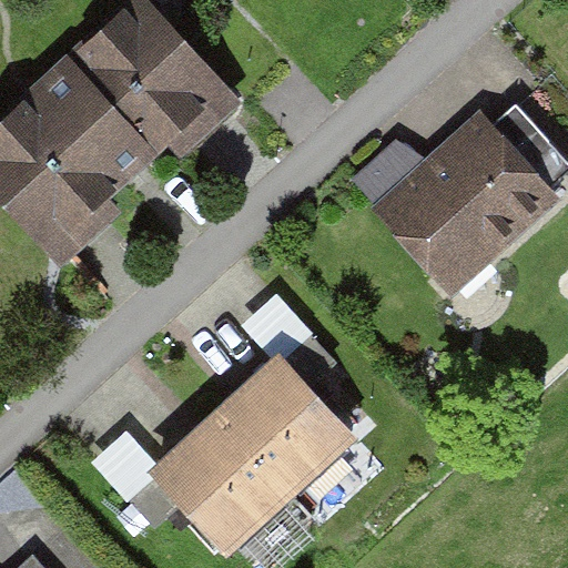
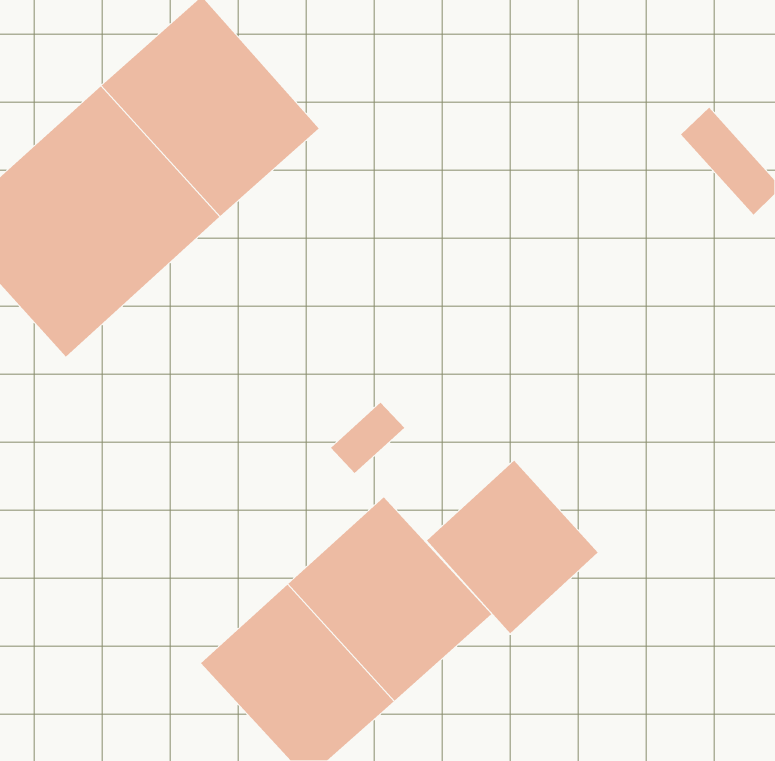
building: [368,88,558,275] -> none
building: none -> [426,460,598,634]

